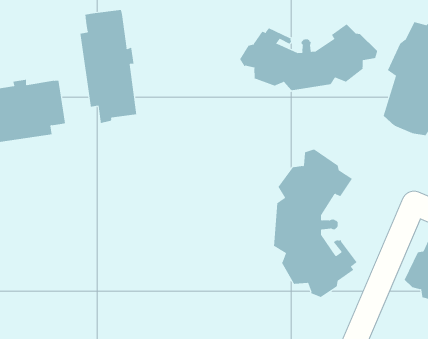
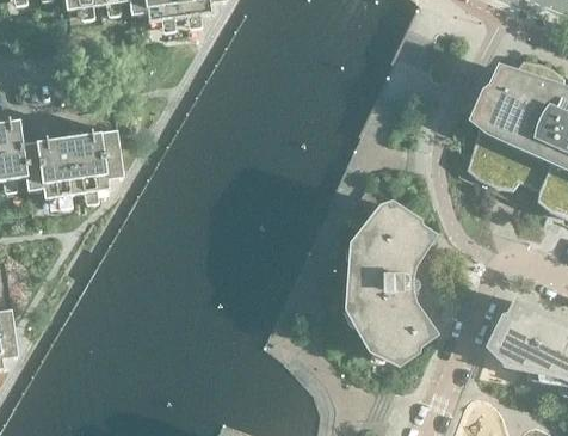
building: [80,9,137,124] -> none
building: [239,23,378,91] -> none

